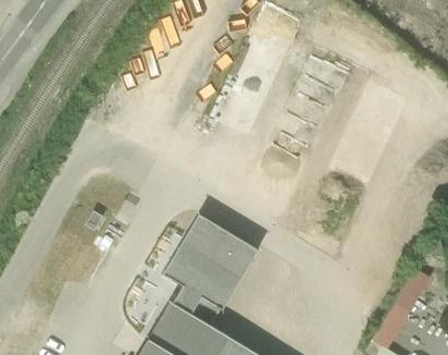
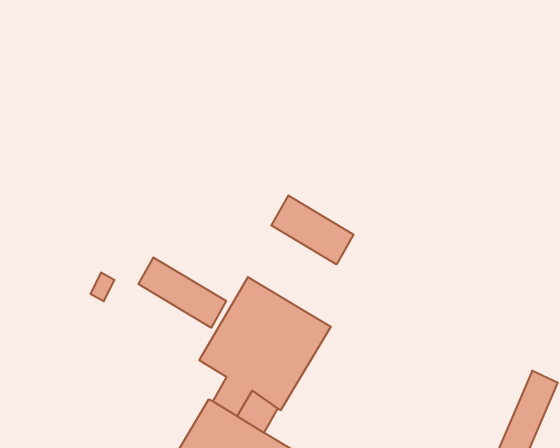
building: none -> [271,195,353,264]
building: none -> [139,257,226,328]

